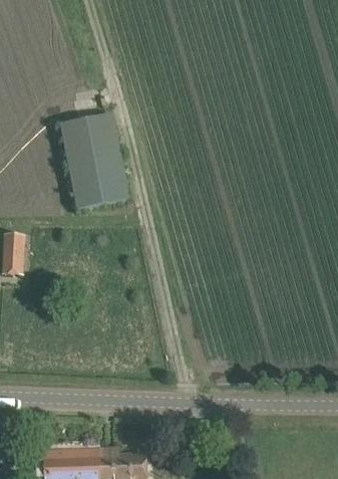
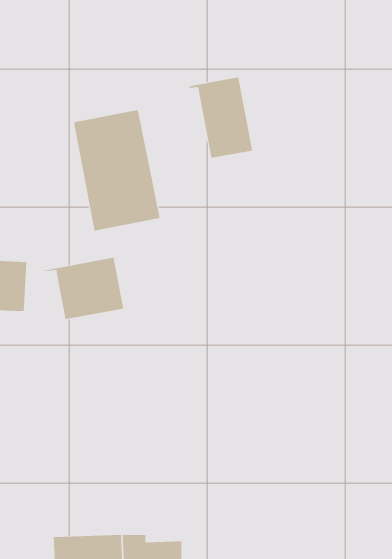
building: none -> [189,77,253,159]
building: none -> [43,257,124,320]

